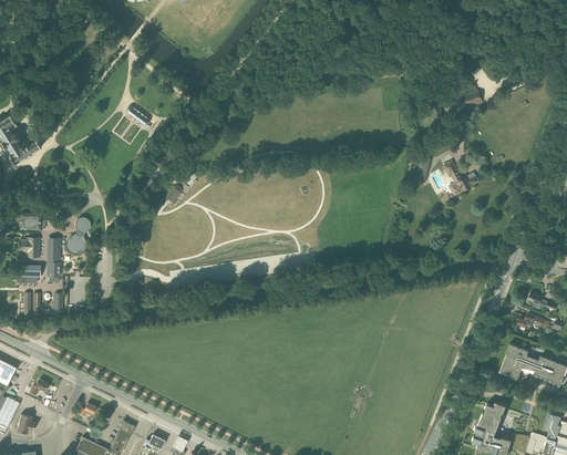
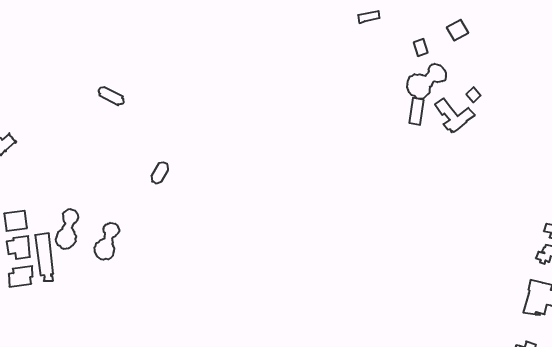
building: none -> [407,64,446,99]
building: none -> [94,223,119,260]

